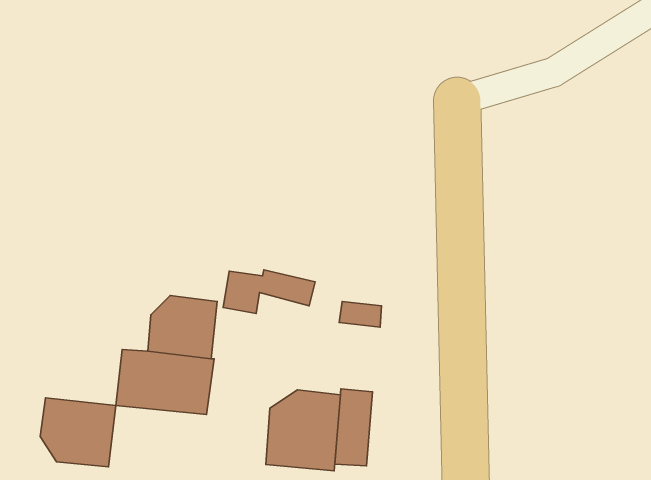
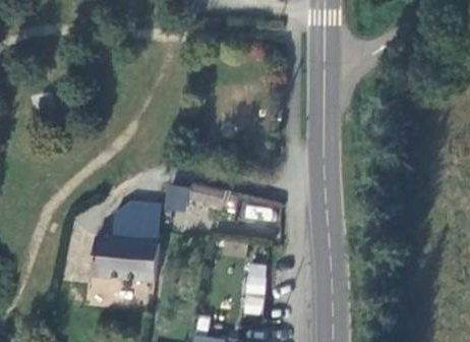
building: [266,390,340,471] -> none
building: [40,398,116,467] -> none

